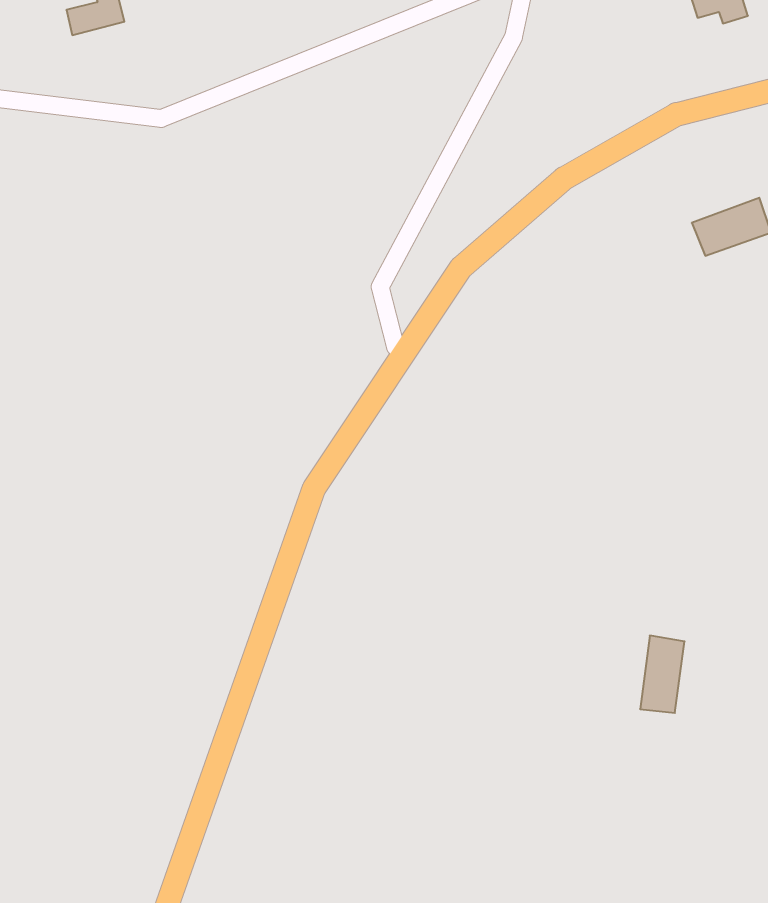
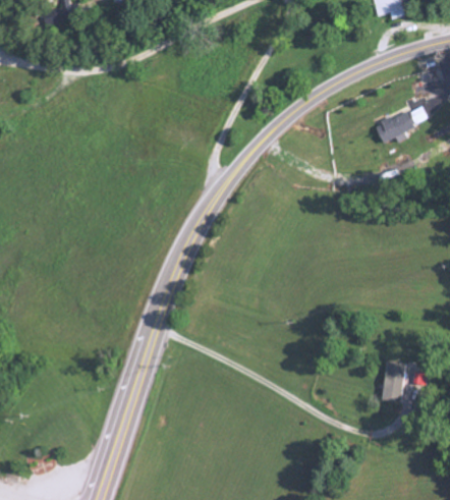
building: [640,636,685,713] -> [385,360,408,401]

